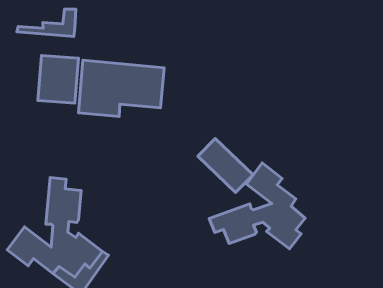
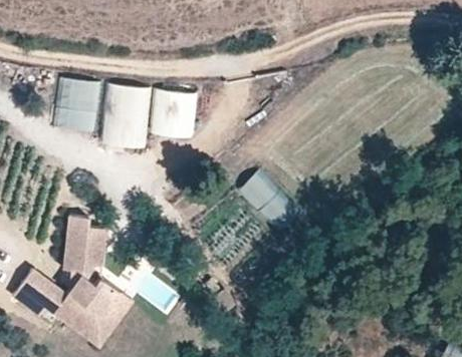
building: [17,9,76,36] -> none
building: [209,163,305,249] -> none

